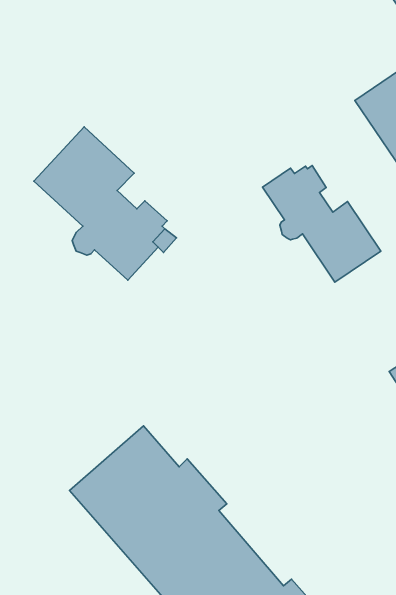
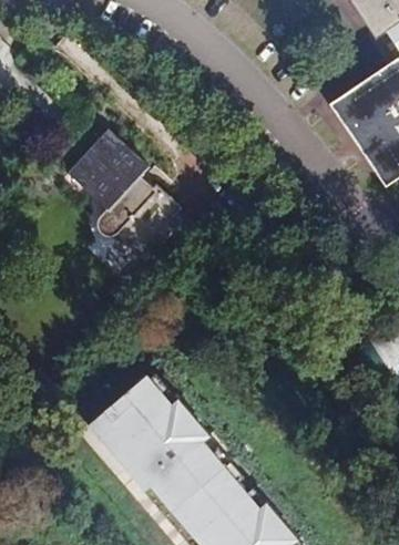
building: [263,166,381,282] -> none

